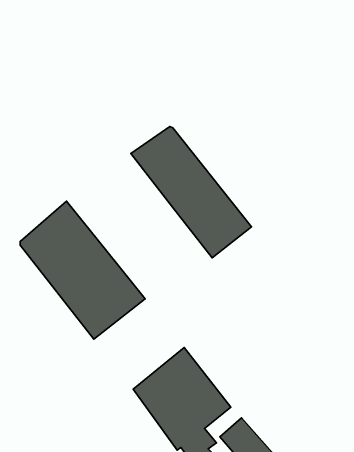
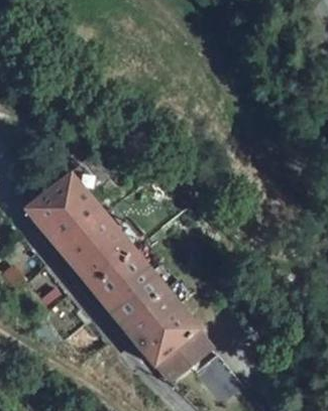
building: [131,126,252,258] -> none
building: none -> [91,254,168,330]

